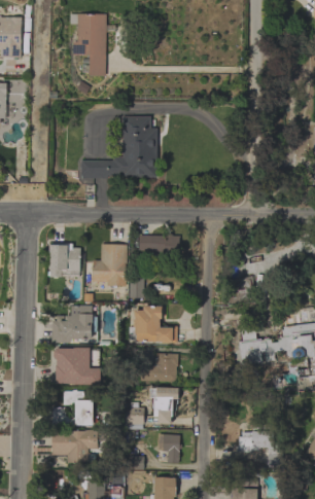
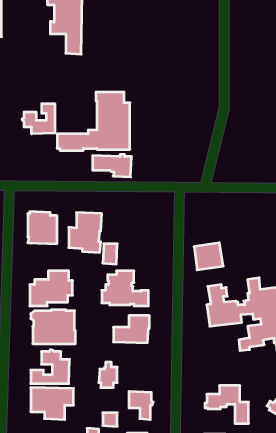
building: none -> [22,104,55,134]
building: [138,234,179,257] -> [93,155,132,177]
building: [149,387,178,423] -> none

